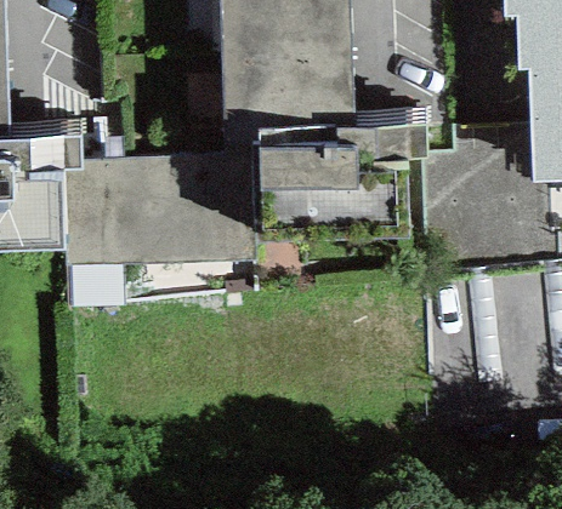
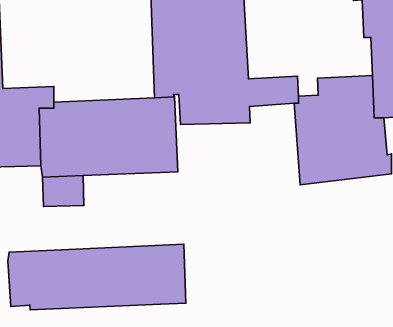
building: none -> [8,244,186,310]

